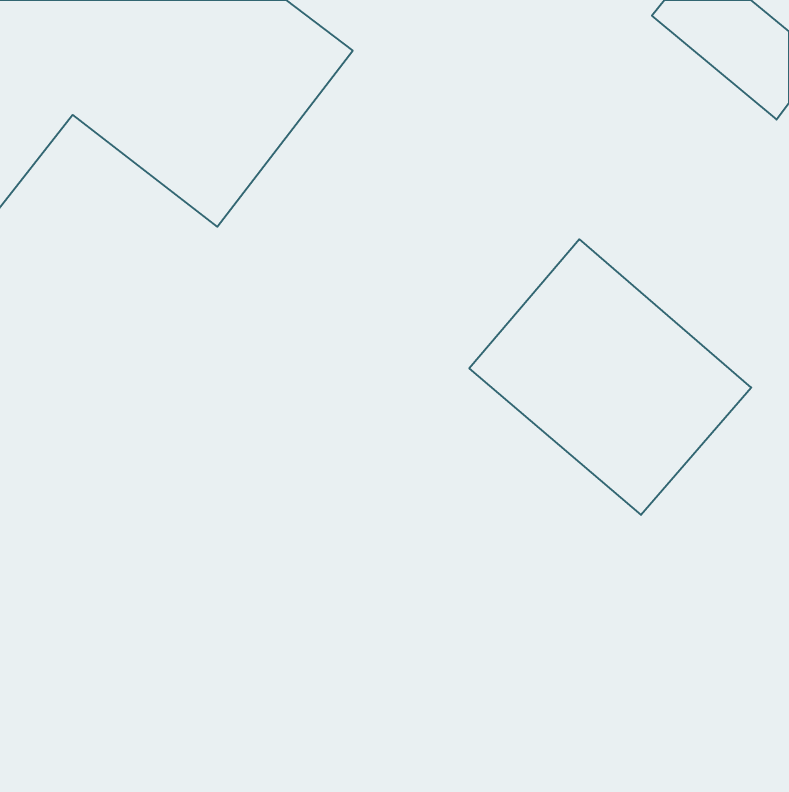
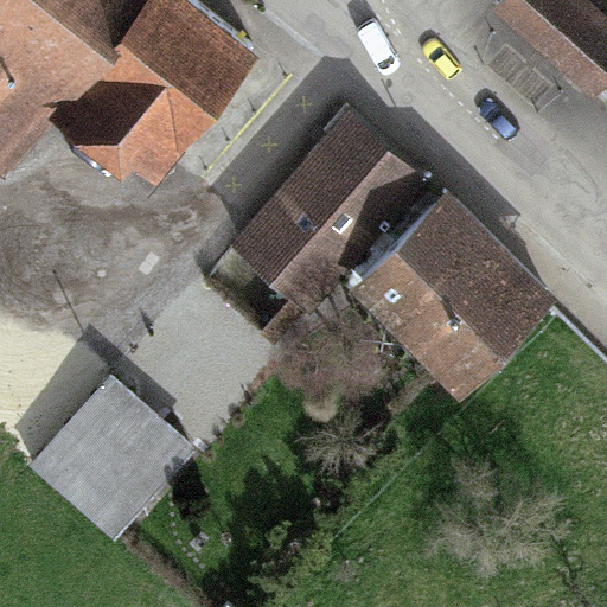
building: none -> [229,104,436,318]
building: none -> [21,389,177,544]

